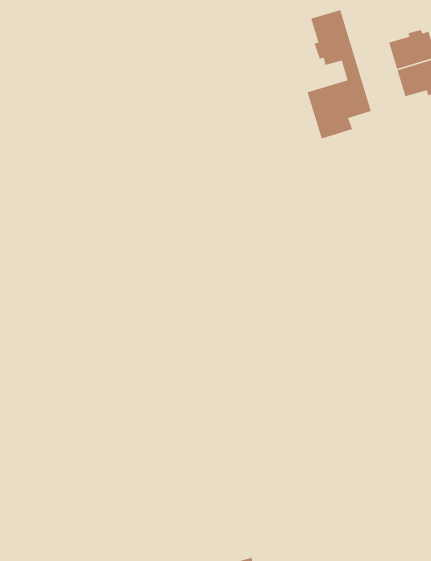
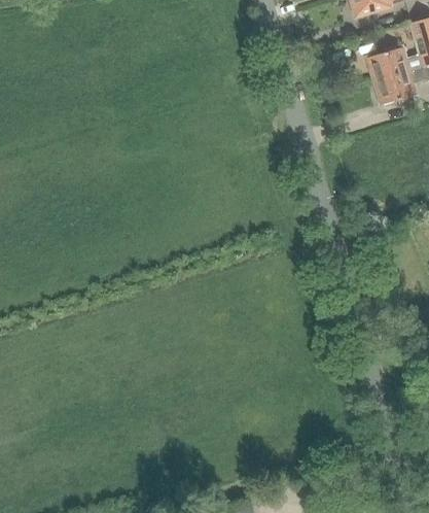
building: [306,9,372,139] -> none

